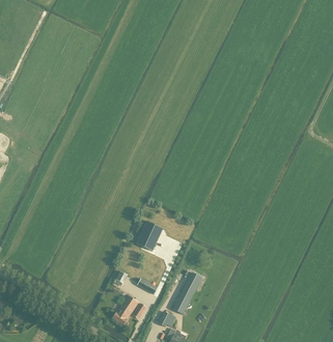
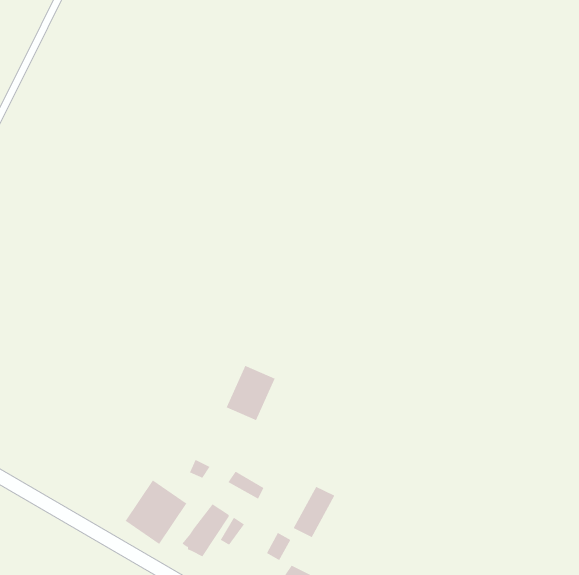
building: none -> [125,479,187,545]

